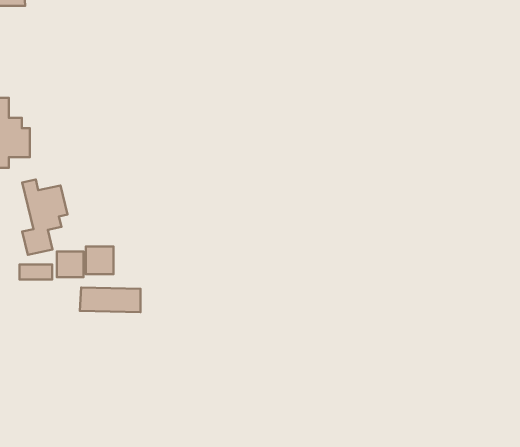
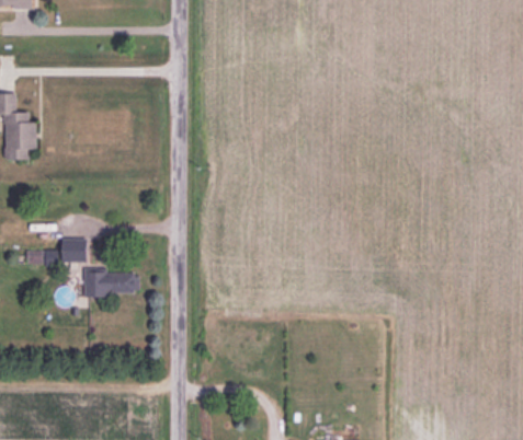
building: [22,180,67,255] -> none
building: [86,246,113,274] -> none

